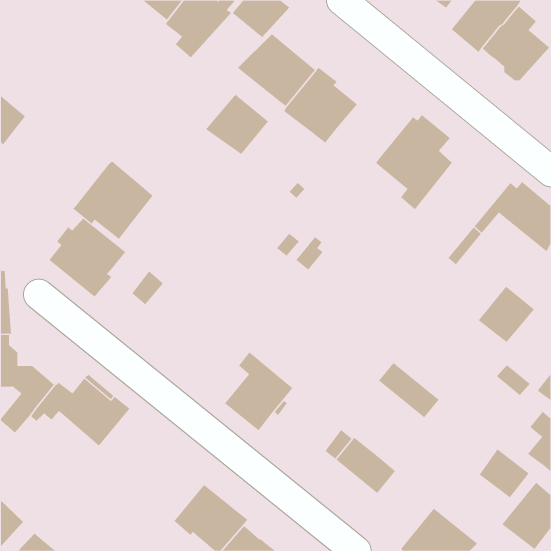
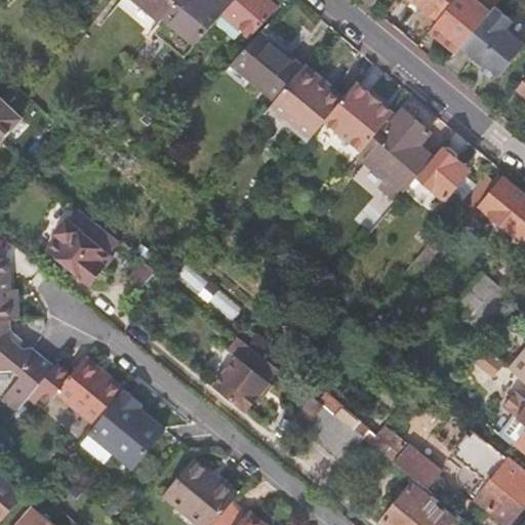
building: none -> [322,82,392,152]
building: [205,94,269,155] -> none
building: none -> [417,147,471,198]
building: [73,161,154,240] -> none
building: [378,362,440,418] -> [394,444,452,497]
building: none -> [90,390,163,466]

